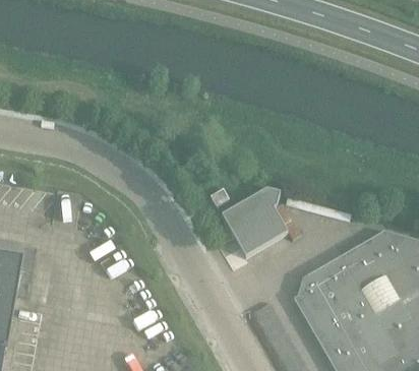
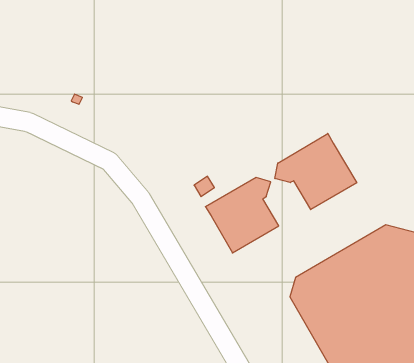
building: none -> [275,133,357,210]

